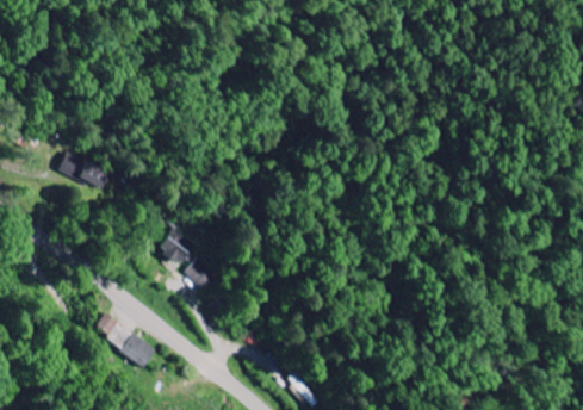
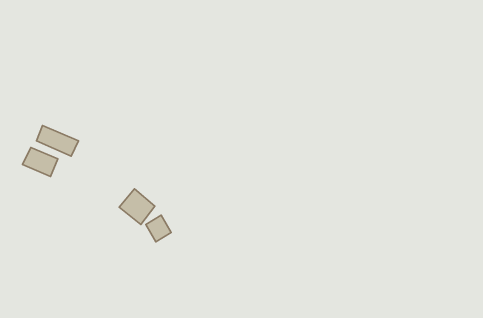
building: none -> [23,147,58,177]
building: [93,311,157,366] -> none

